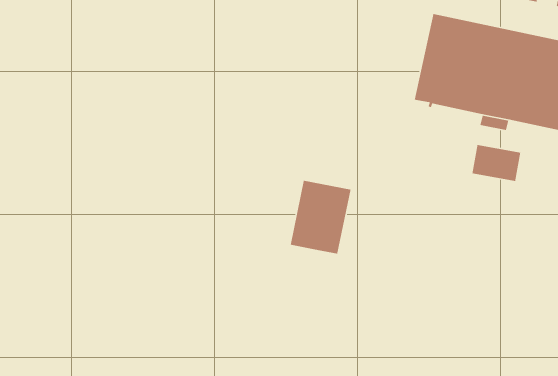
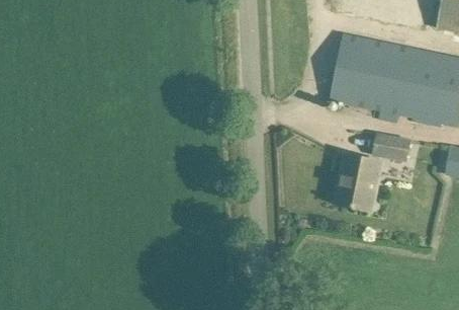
building: [290,180,351,255] -> [335,154,381,211]

